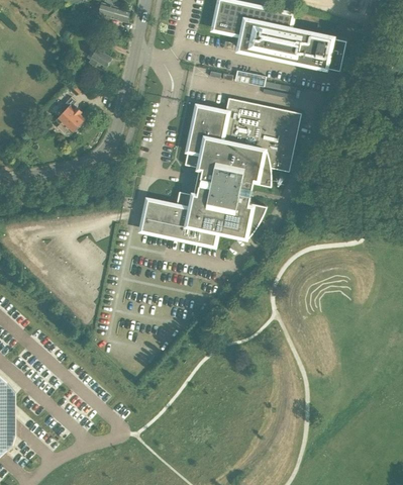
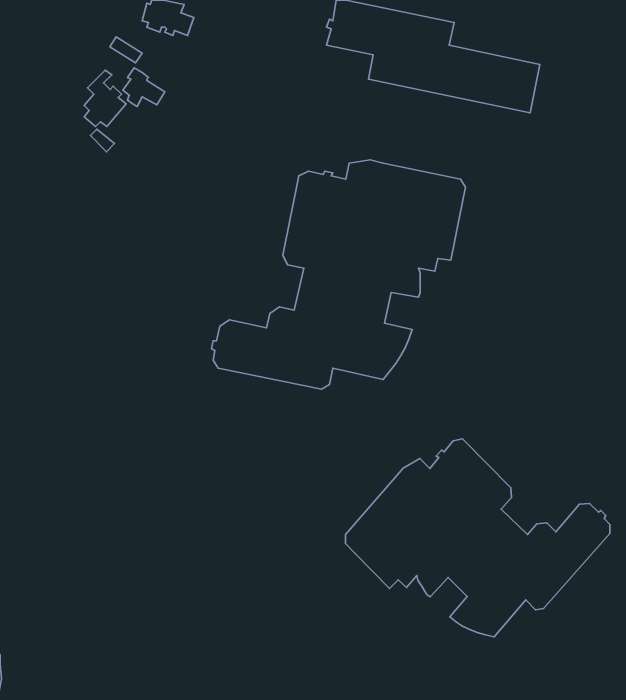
building: [58,97,84,132] -> [84,70,126,127]
building: none -> [345,439,610,637]

